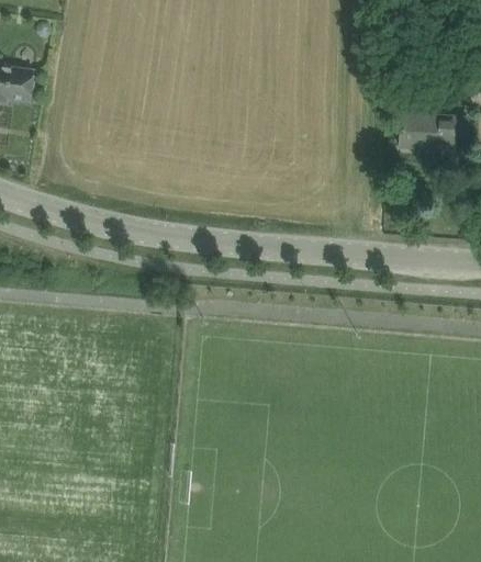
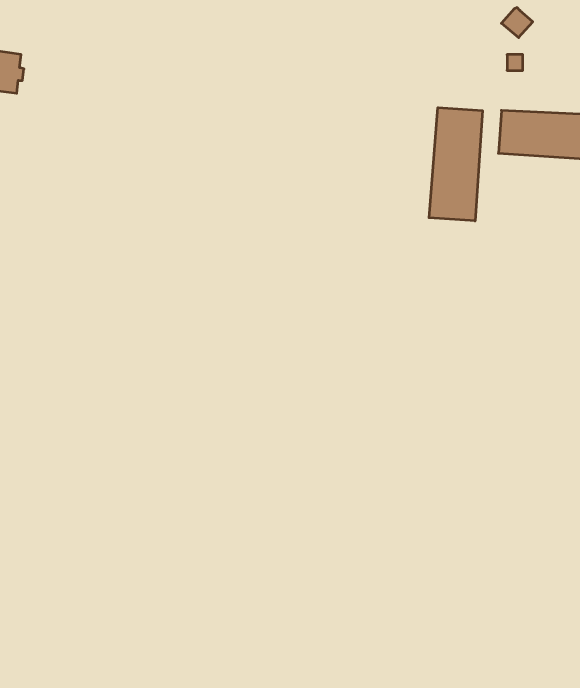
building: none -> [429,108,482,221]

